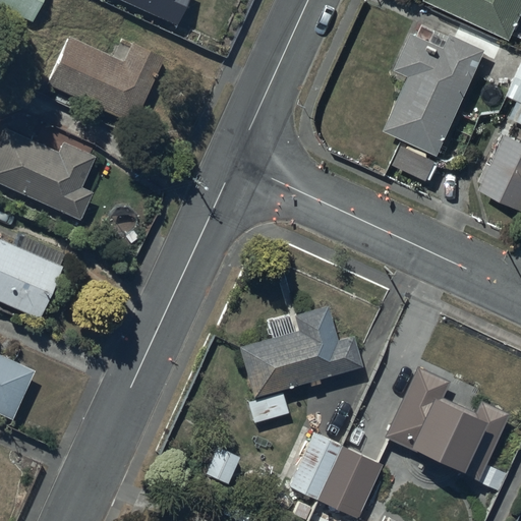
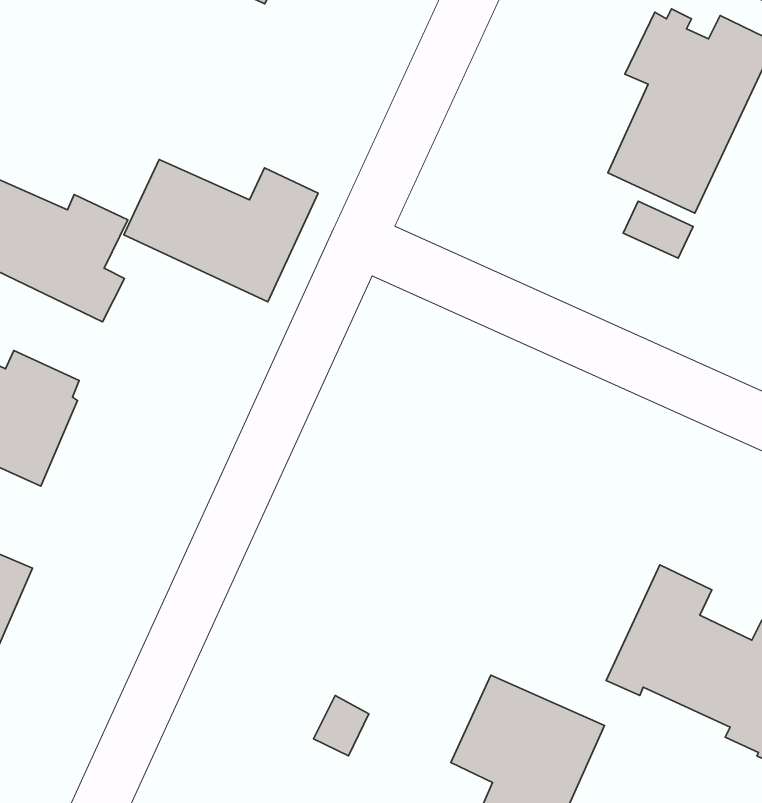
building: [47,38,165,124] -> [124,160,318,302]
building: [238,304,363,424] -> none

